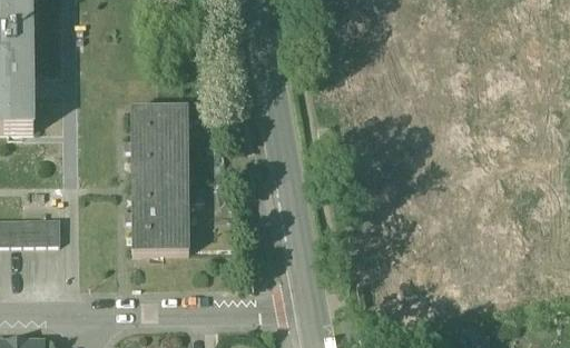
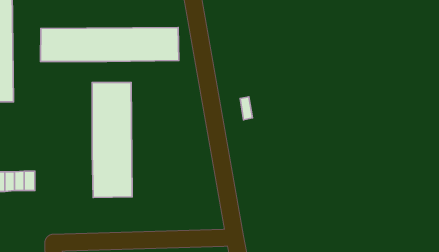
building: none -> [41,28,179,62]

